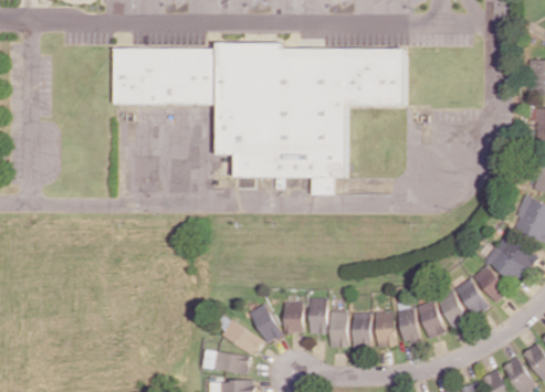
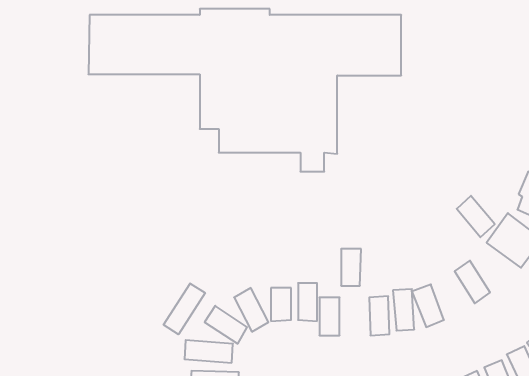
building: [473,264,509,303] -> [457,196,495,237]
building: [437,290,468,329] -> none
building: none -> [164,283,205,334]
building: [353,312,371,347] -> [341,249,361,286]

